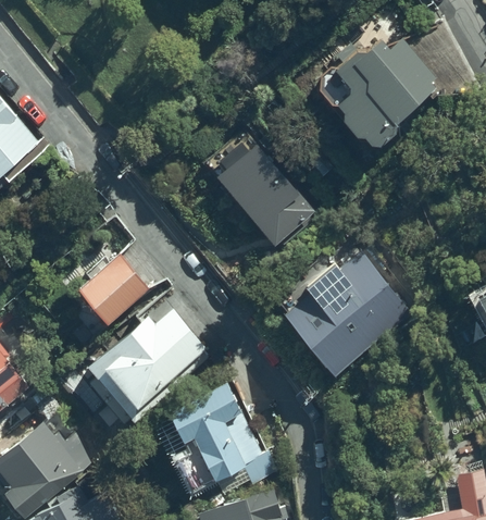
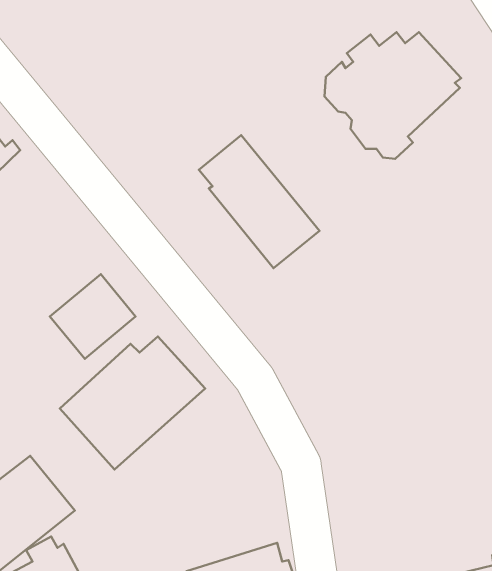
building: [278,252,410,381] -> none
building: [165,379,277,497] -> none

